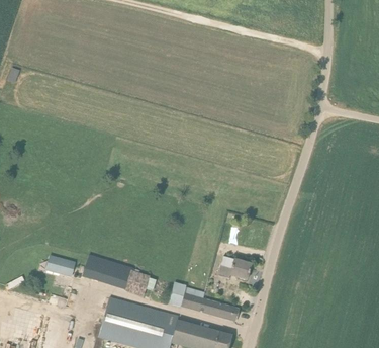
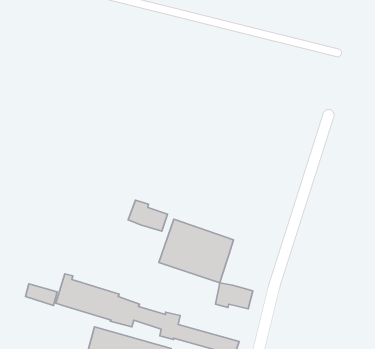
building: none -> [128,200,167,231]
building: none -> [159,219,233,283]

